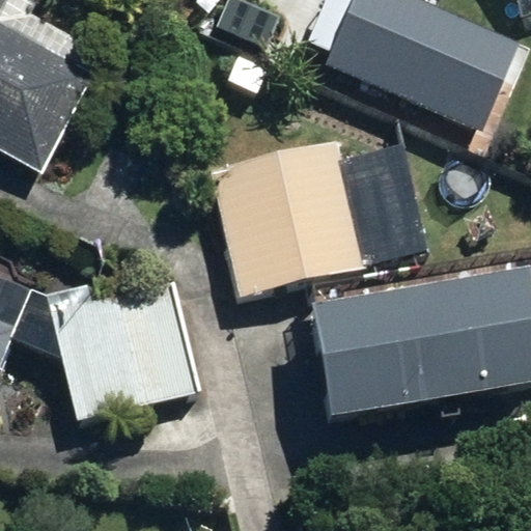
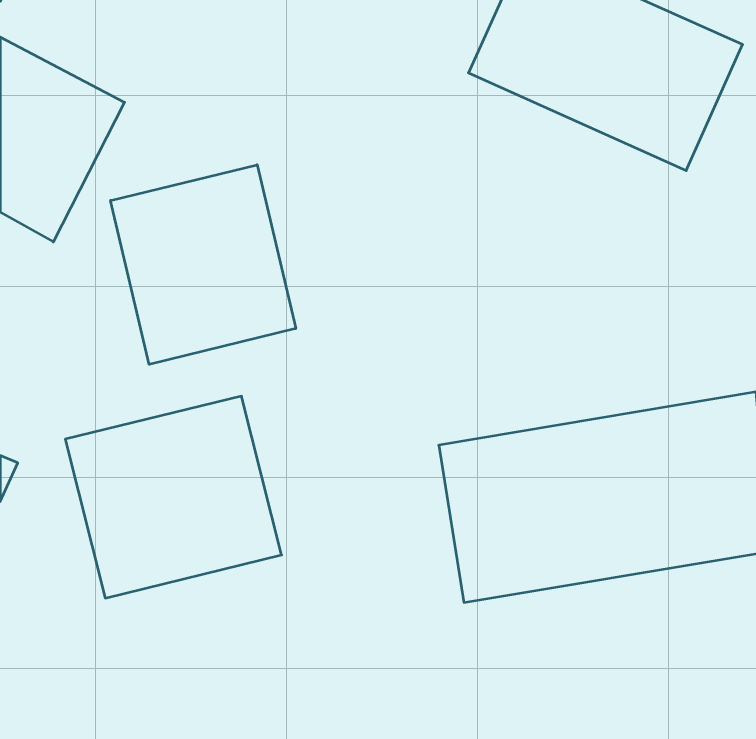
building: none -> [111,165,296,364]
building: [208,139,362,294] -> none

